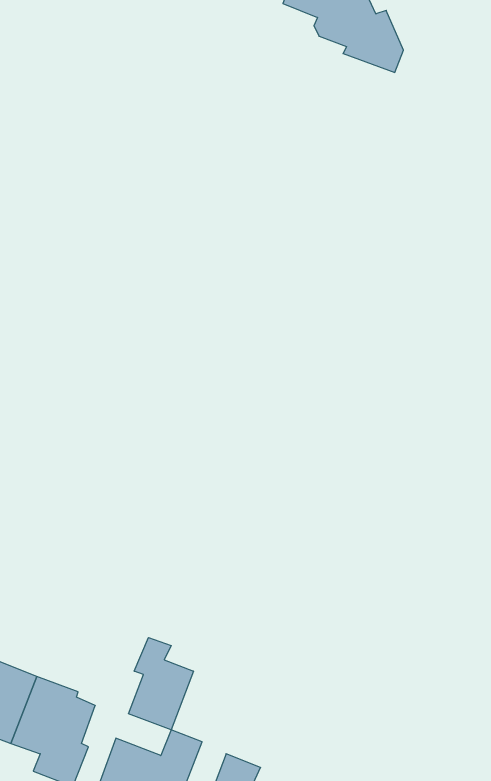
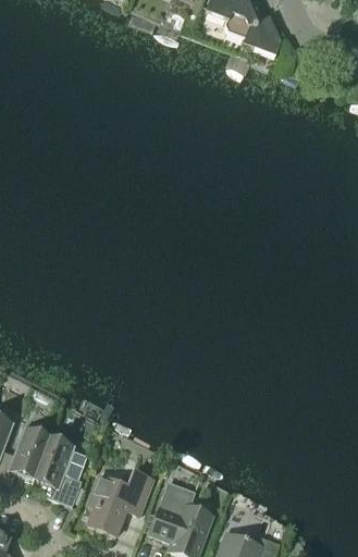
building: [129,638,193,730] -> none

